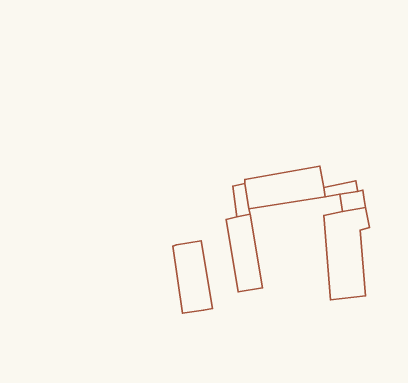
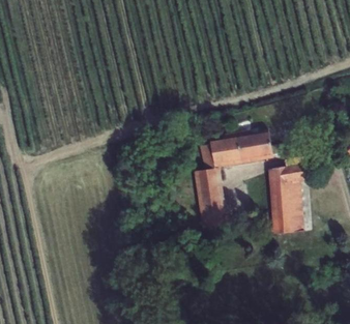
building: [173,241,212,313] -> none

